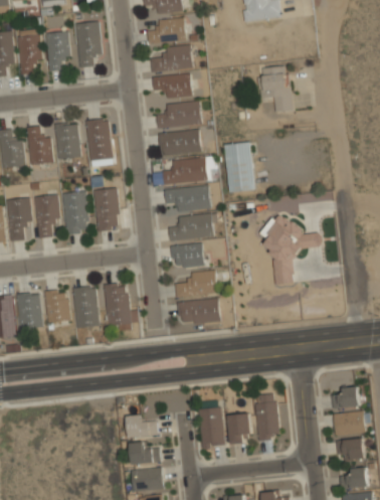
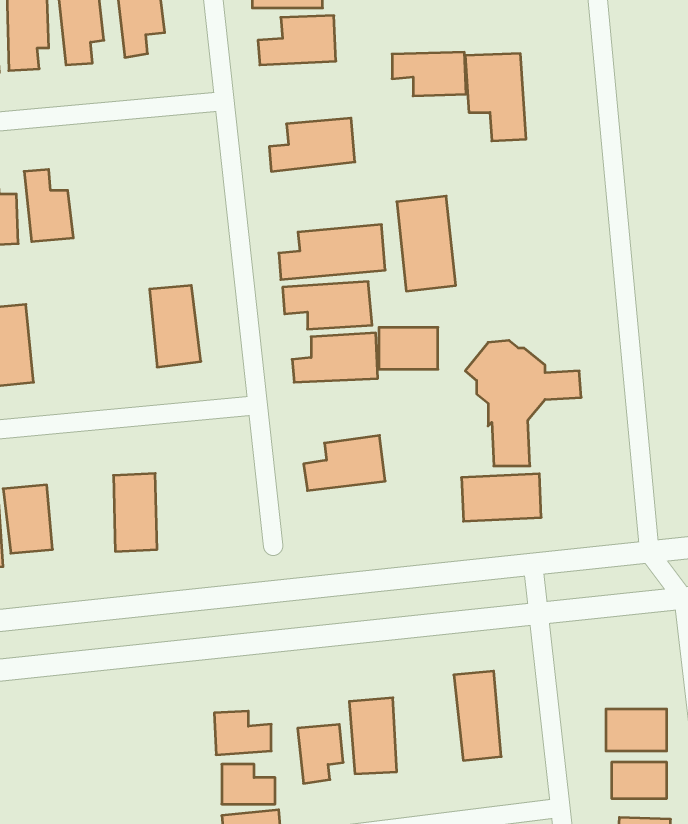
building: [152,74,191,98] -> [392,52,466,96]
building: [85,120,112,162] -> none
building: [55,126,77,159] -> none
building: [158,130,200,155] -> none
building: [64,192,85,232] -> none
building: [34,195,57,237] -> none
building: [171,243,202,266] -> [379,327,438,369]
building: [105,285,137,329] -> none
building: [45,293,68,323] -> none
building: [177,298,219,323] -> [461,474,541,521]
building: [332,386,359,408] -> none
building: [227,413,251,445] -> [298,724,343,783]

